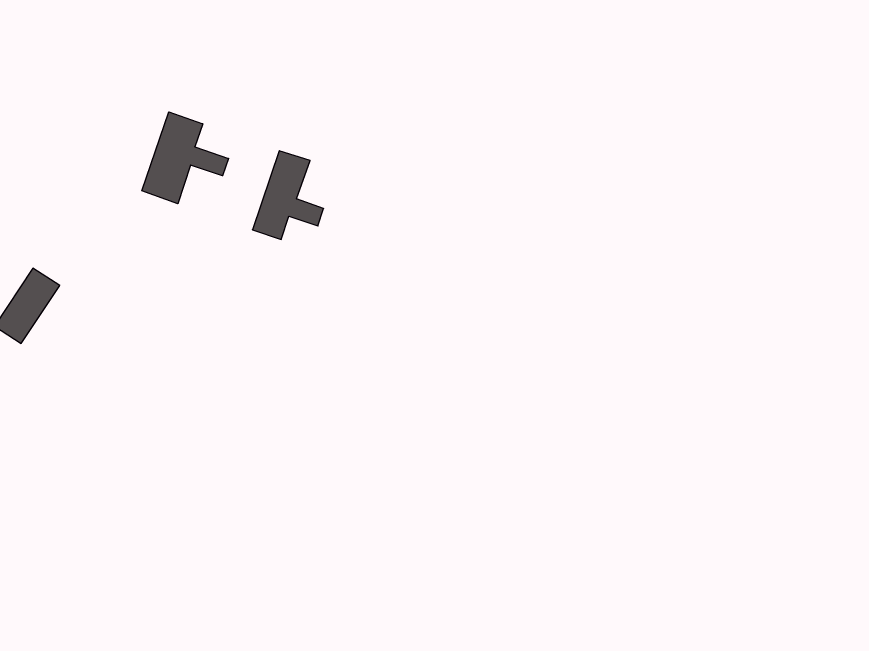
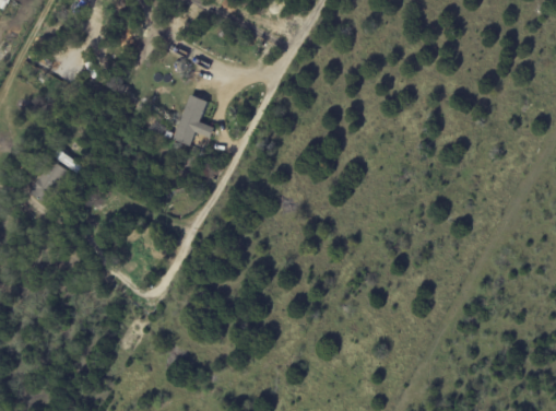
building: [142,112,229,204] -> none

